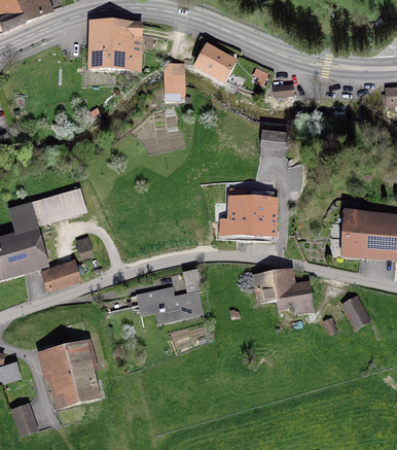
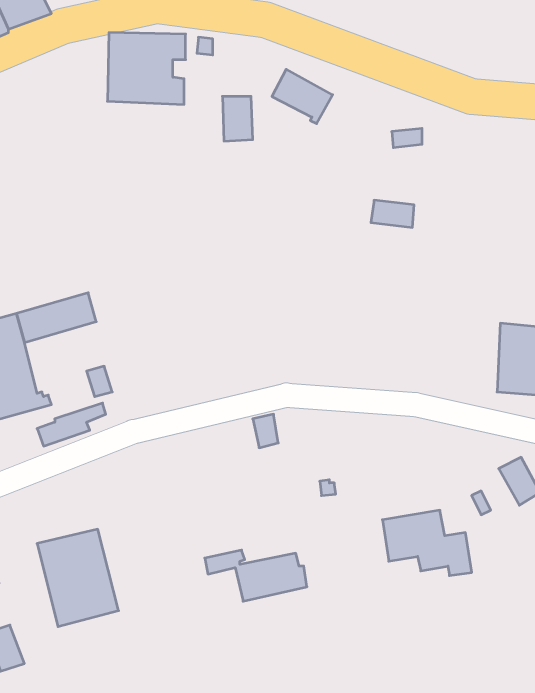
building: [226,188,278,235] -> none
building: [253,269,311,311] -> [382,510,472,576]
building: [136,289,202,322] -> [205,550,307,601]

